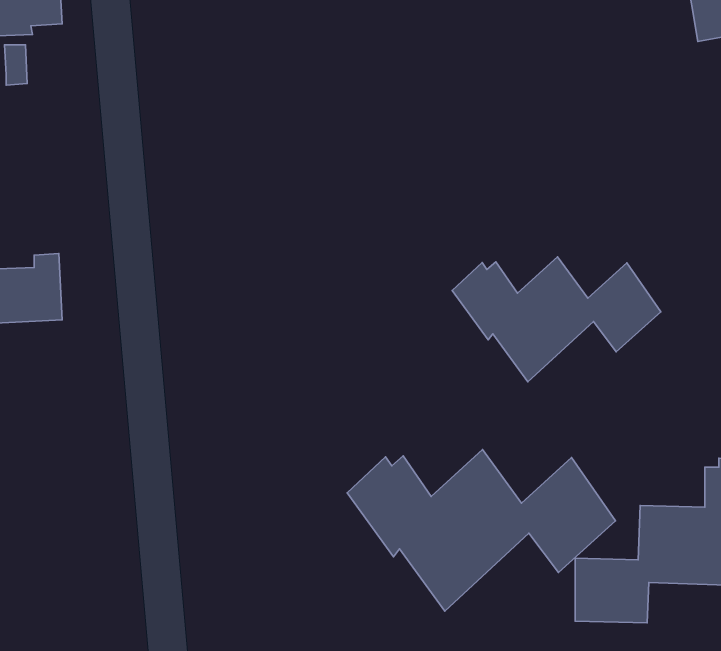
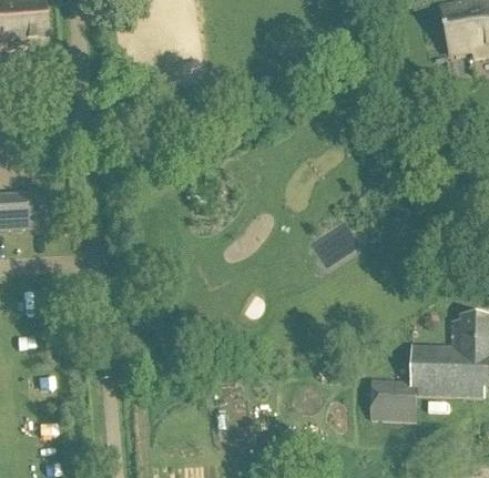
building: [452,257,661,382] -> none
building: [347,450,615,611] -> none

